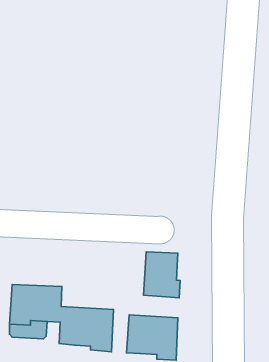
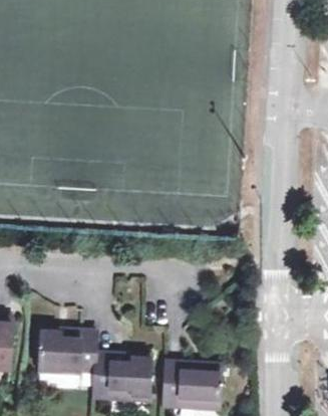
building: [144,252,180,298] -> none

